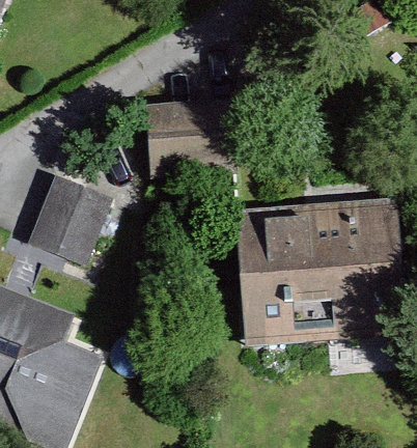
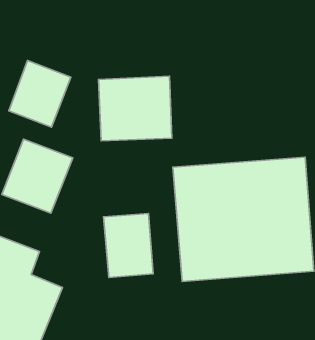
building: none -> [9,60,71,127]
building: none -> [104,213,153,277]

